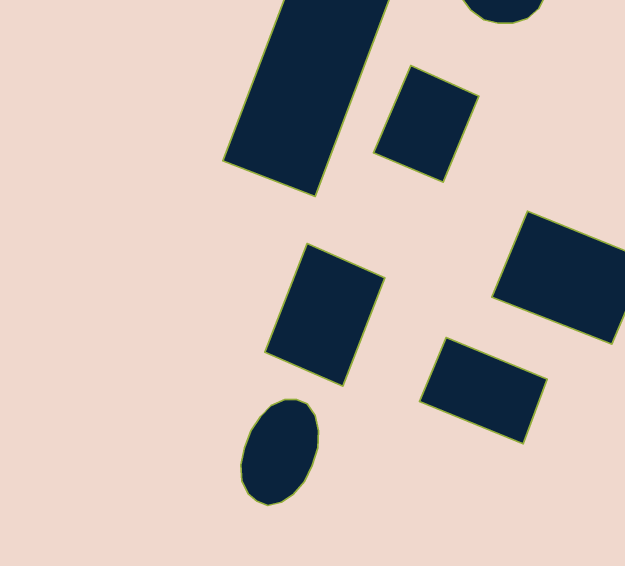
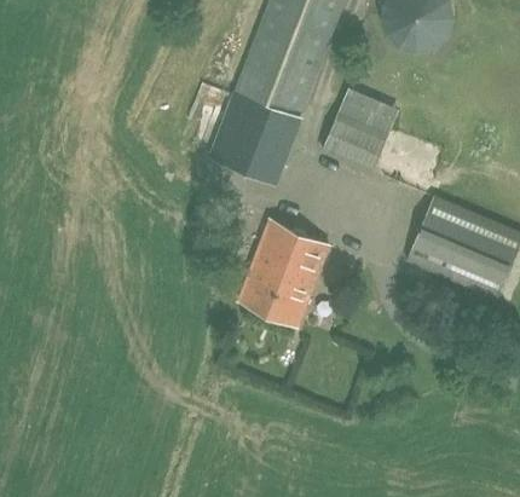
building: [419,337,547,444] -> none
building: [241,399,319,505] -> none

